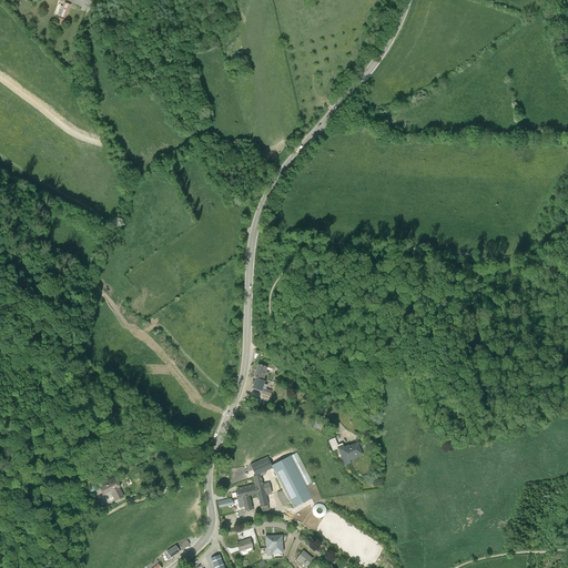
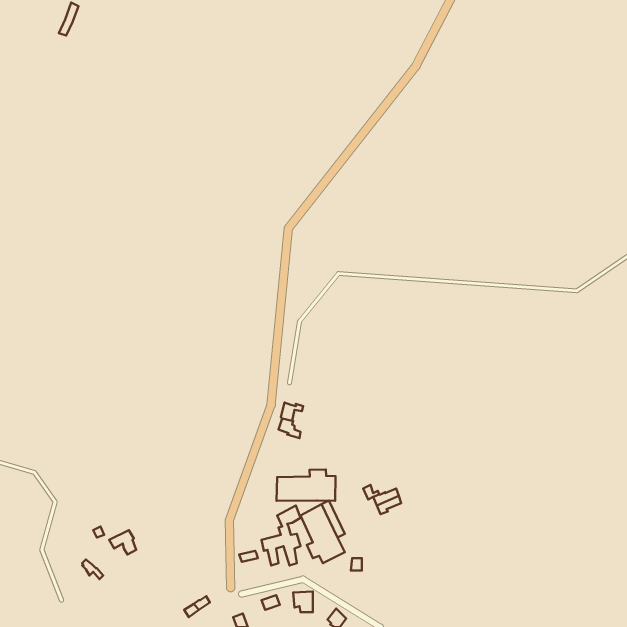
building: none -> [276,469,335,501]

